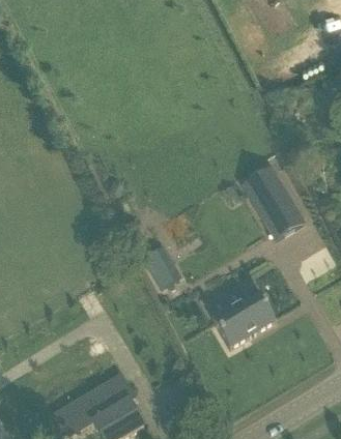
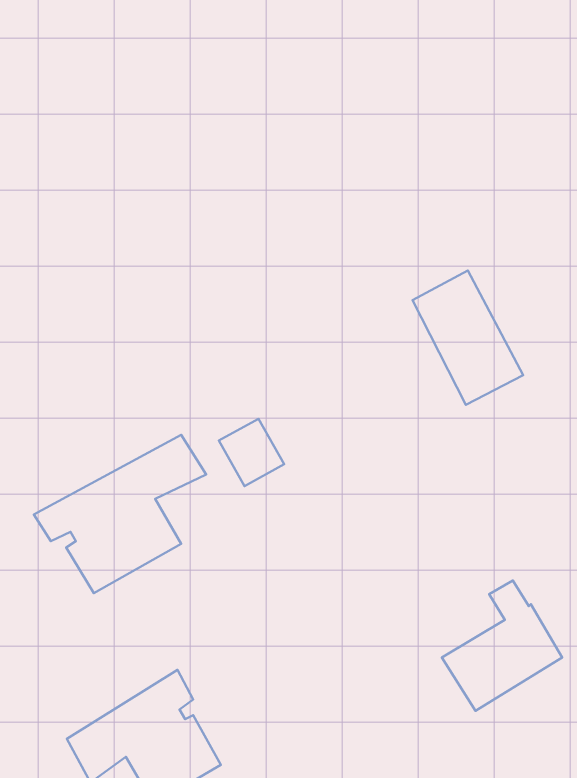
building: none -> [34,435,206,593]
building: [210,275,274,344] -> [442,580,562,711]

